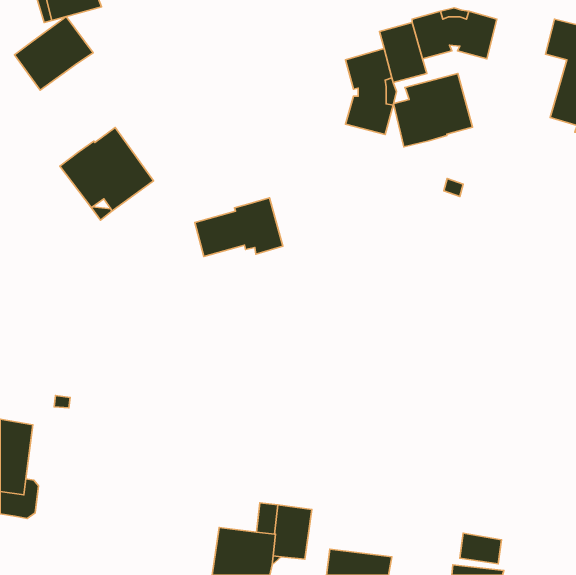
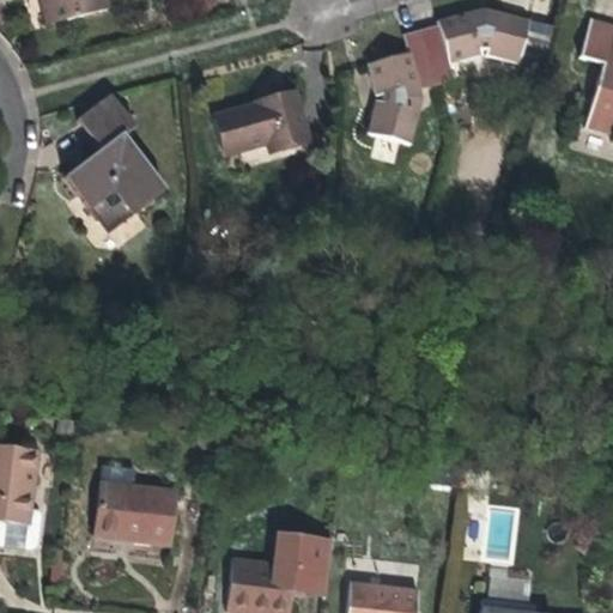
building: [15,16,93,90] -> none
building: [393,73,473,147] -> none
building: none -> [78,95,134,151]
building: [195,198,283,256] -> [214,91,308,153]
building: none -> [93,466,176,540]

